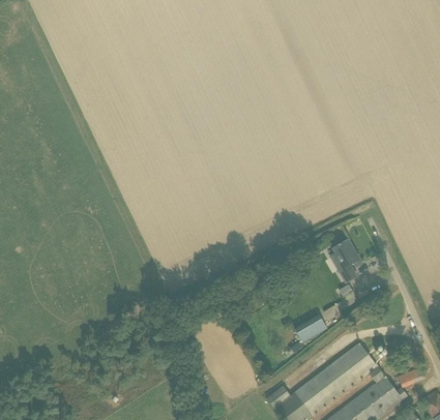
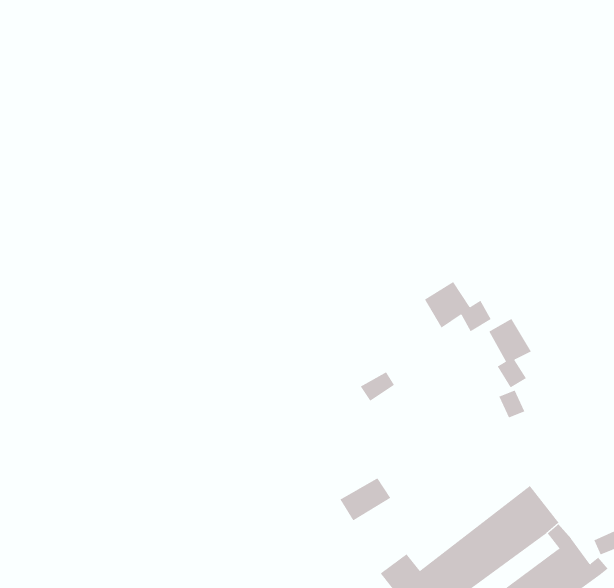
building: none -> [424,281,492,332]
building: [294,316,326,342] -> [339,478,391,521]

